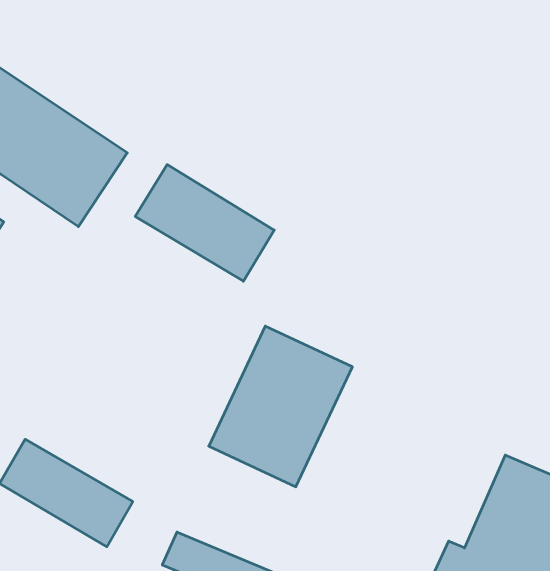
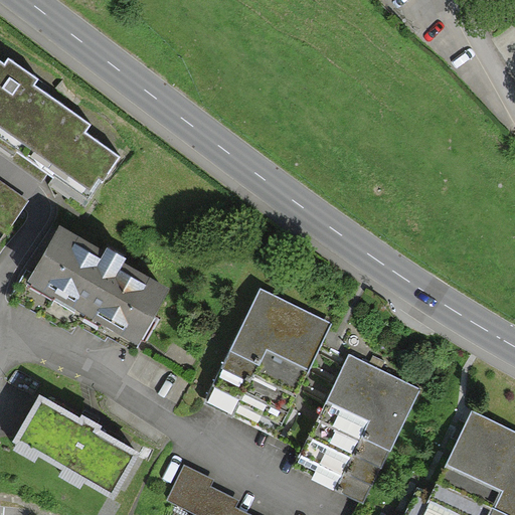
building: [135,165,274,281] -> none
building: none -> [33,225,165,336]
building: none -> [296,361,417,502]

